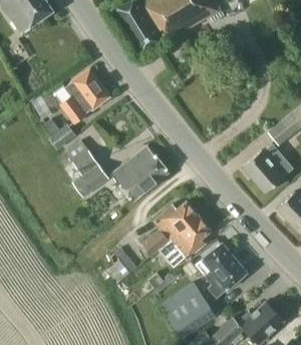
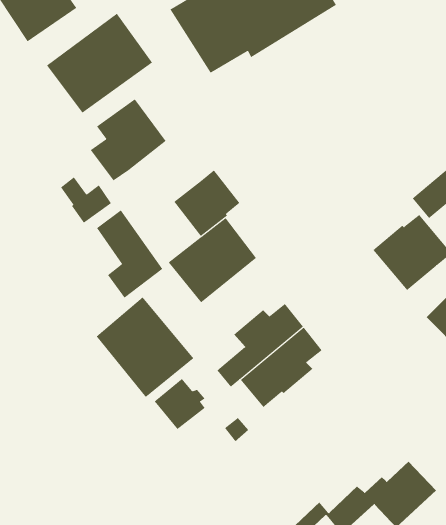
building: none -> [46,13,153,113]
building: none -> [174,170,240,237]
building: none -> [96,297,194,398]
building: [196,244,247,298] -> none
building: [161,283,215,337] -> none

